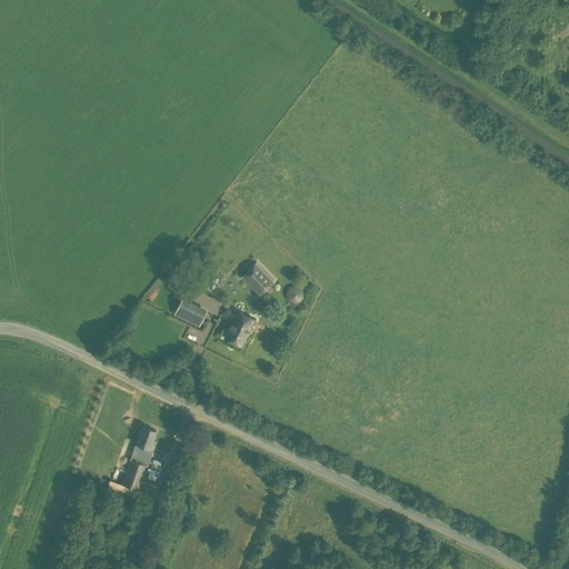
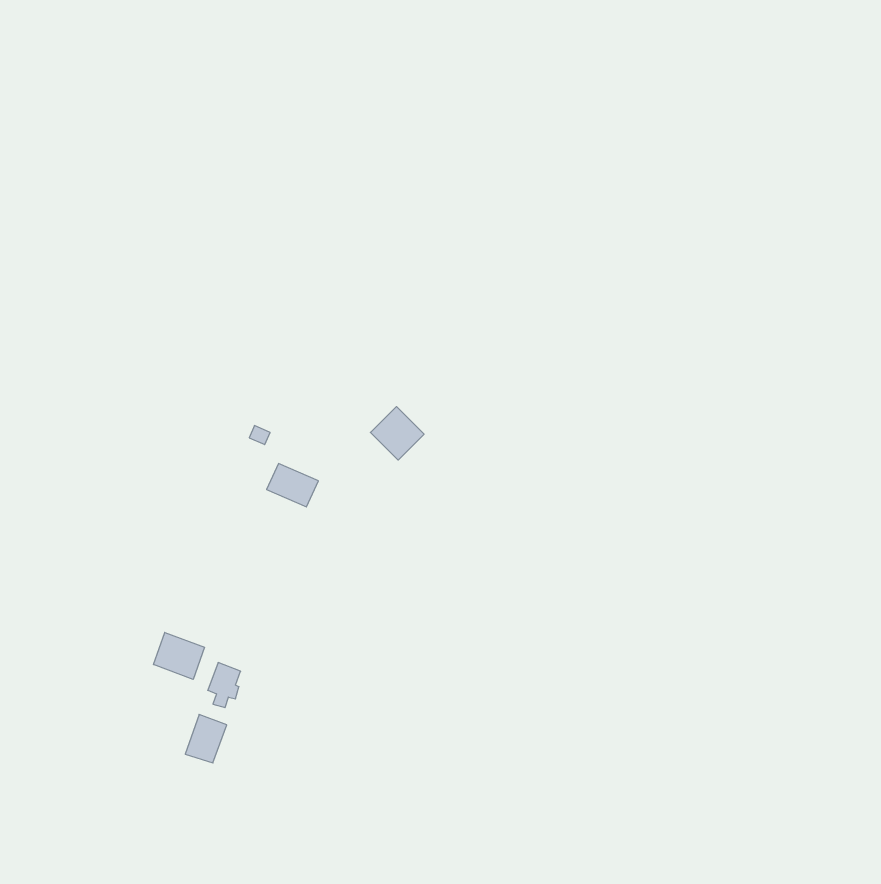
building: [222,311,252,347] -> none
building: none -> [154,632,204,679]

